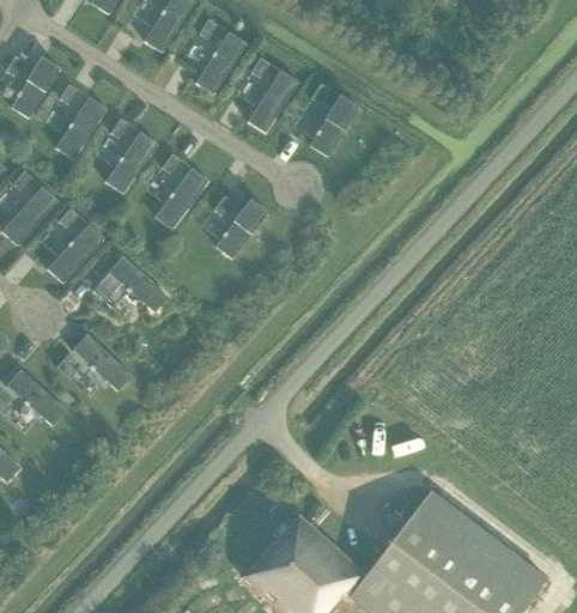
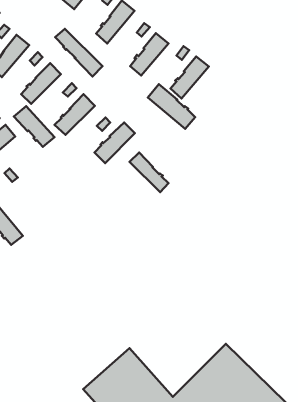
building: none -> [55,29,103,76]
building: none -> [148,84,195,129]
building: none -> [129,153,168,192]
building: [107,257,166,311] -> [14,106,54,147]

